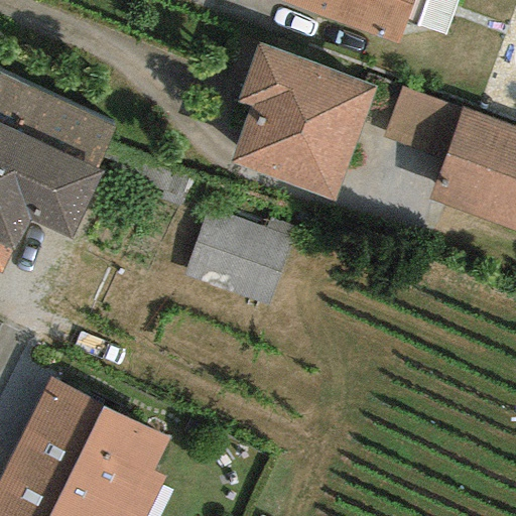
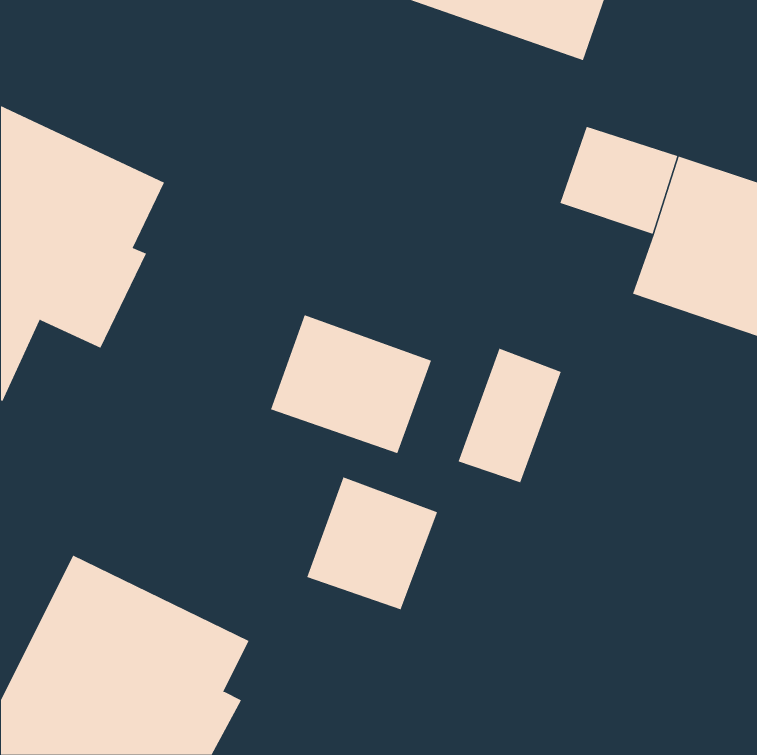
building: [228,42,375,198] -> none
building: none -> [458,348,561,483]
building: none -> [307,477,438,610]

